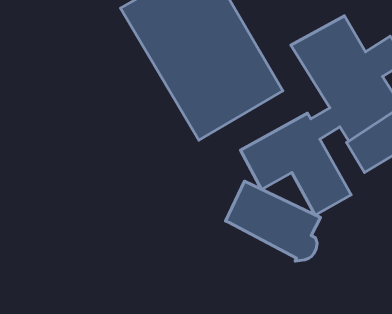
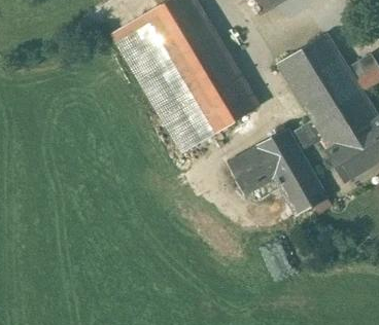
building: [226,181,321,261] -> none

